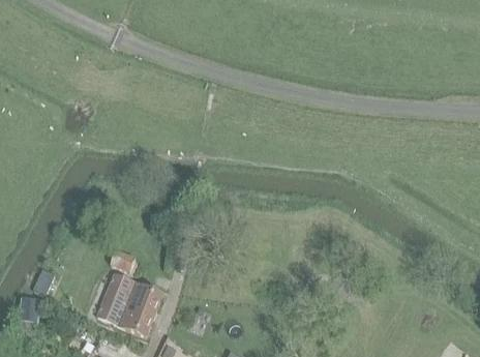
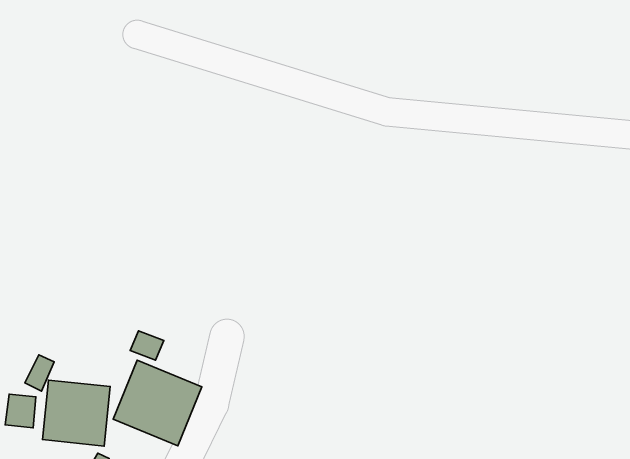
building: none -> [42,380,110,446]

